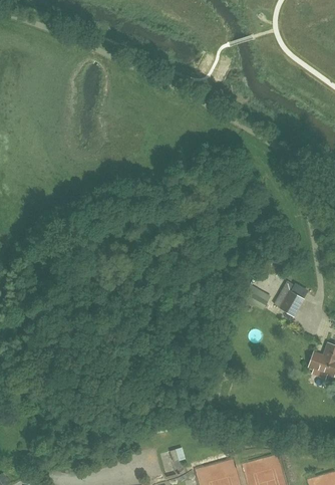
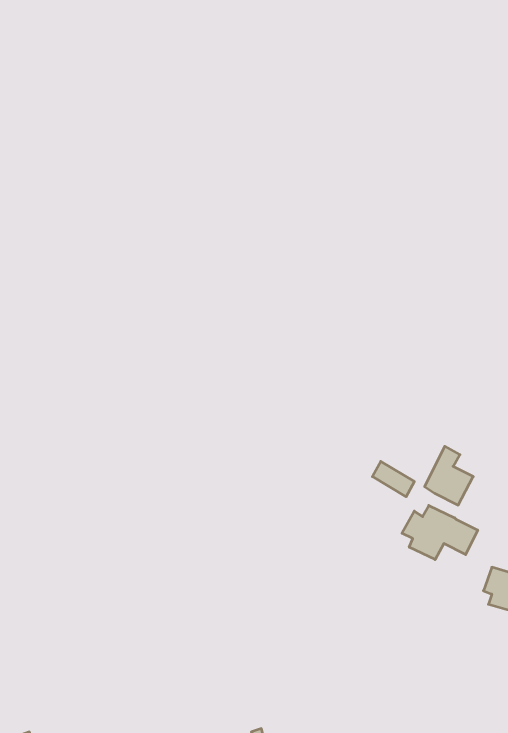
building: none -> [402,505,478,560]

